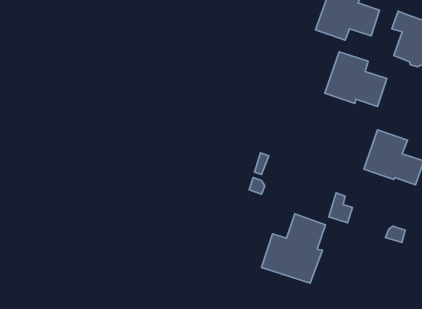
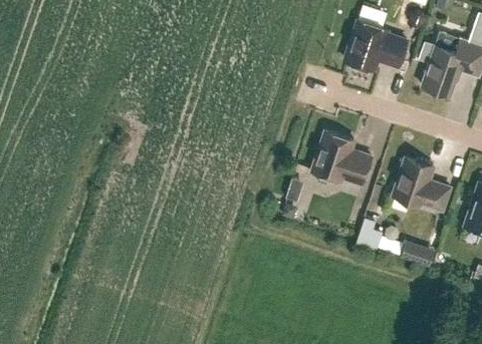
building: [325,52,387,107] -> [312,131,373,185]
building: [261,214,325,283] -> none

